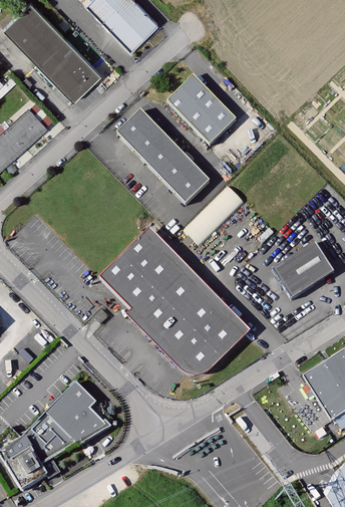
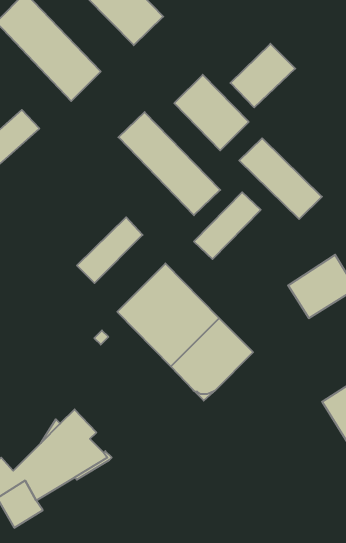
building: none -> [230,44,295,107]
building: none -> [239,138,322,219]
building: [99,233,159,293] -> [77,217,143,283]

